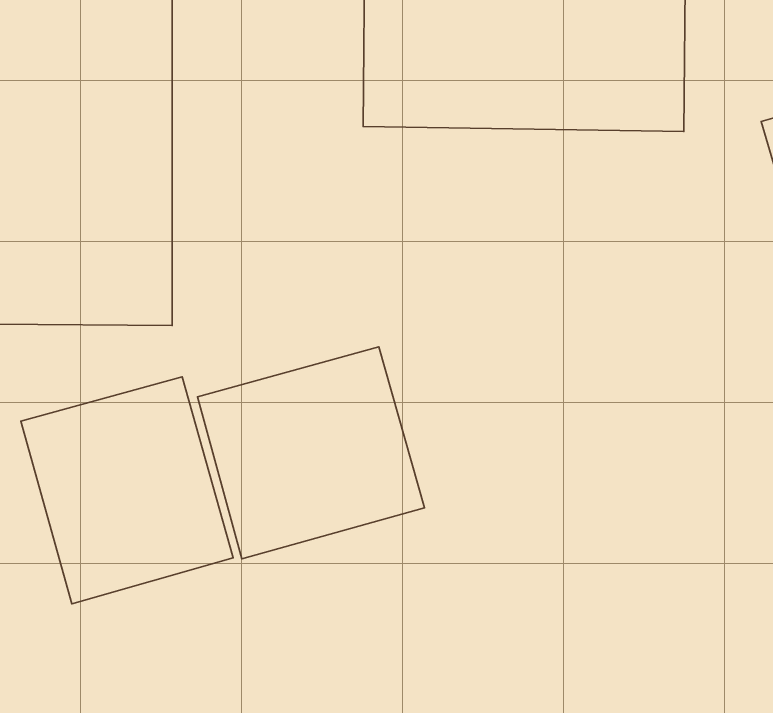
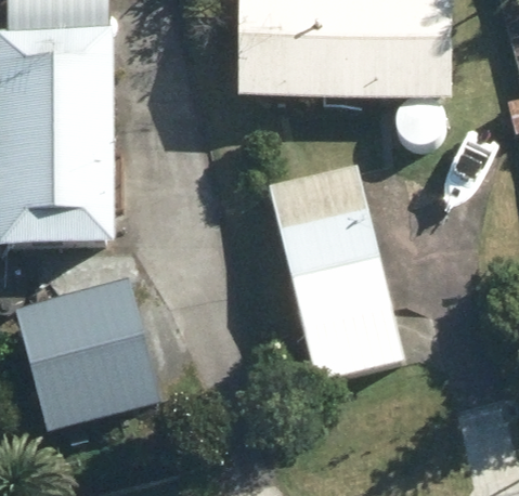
building: none -> [265,164,403,387]
building: [198,347,424,559] -> none

